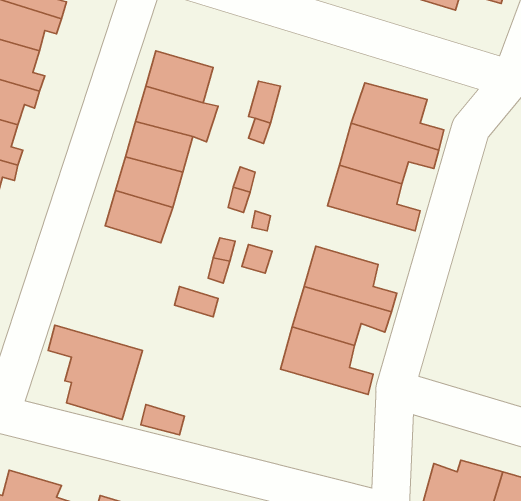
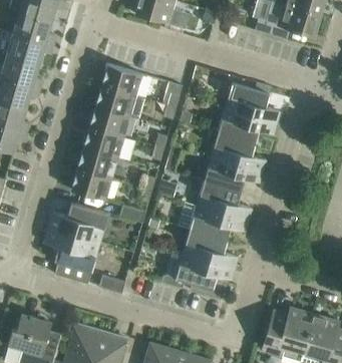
building: none -> [204,155,263,191]
building: none -> [72,167,111,199]
building: none -> [48,202,108,242]
building: none -> [160,253,235,298]

